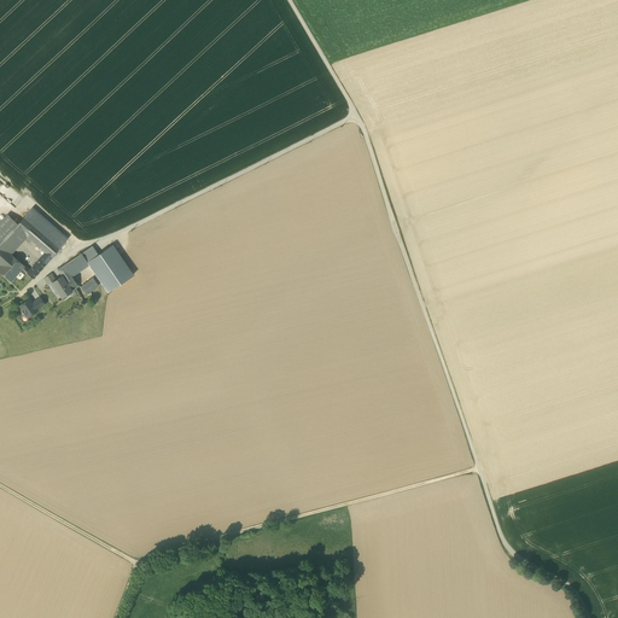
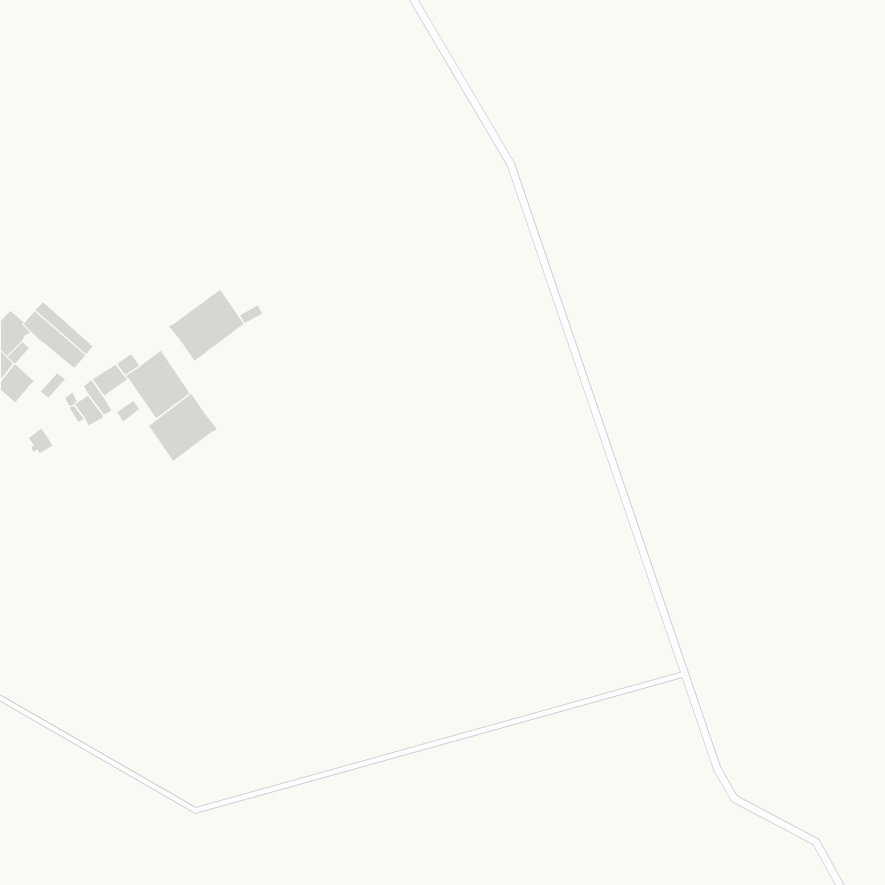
building: none -> [168,289,244,362]
building: none -> [148,393,218,462]

